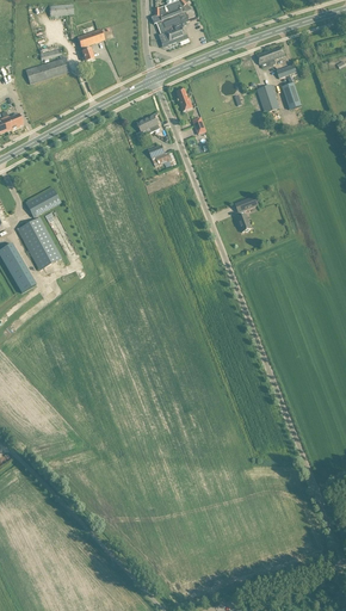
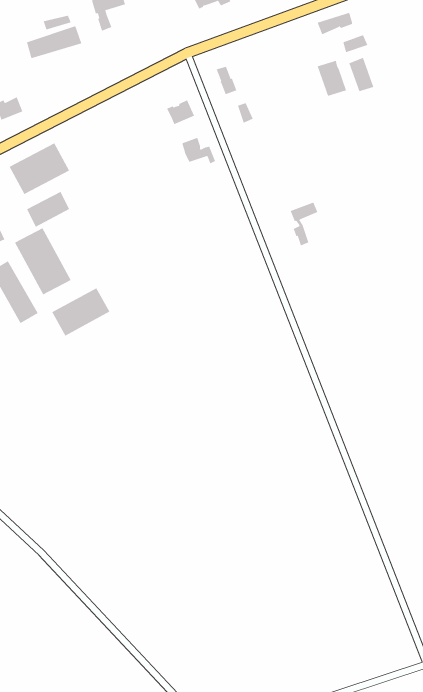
building: none -> [9,143,70,195]
building: none -> [51,287,110,336]

